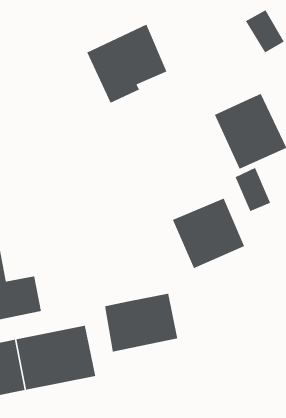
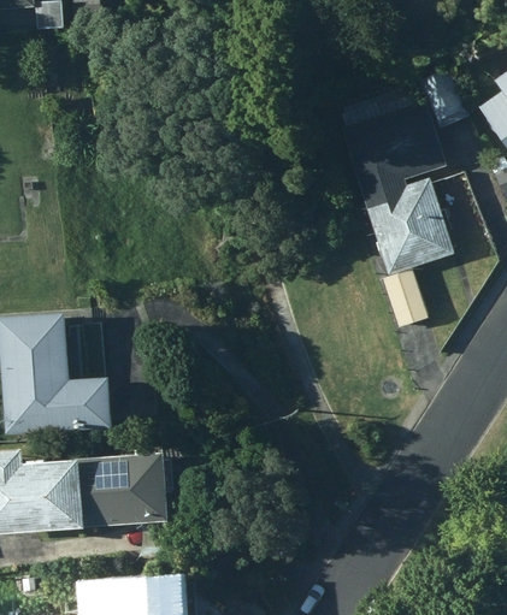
building: [86,23,168,104] -> [341,100,443,199]
building: [172,197,245,269] -> none
building: [104,293,178,352] -> none

